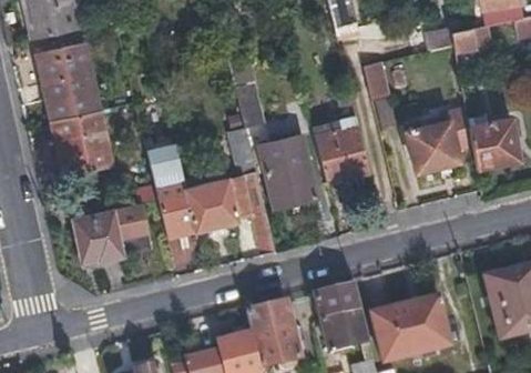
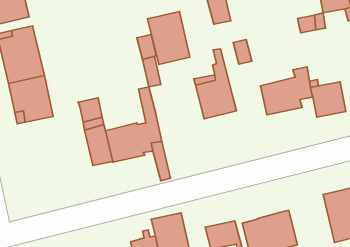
building: [257,135,316,209] -> [147,11,190,64]
building: [72,203,152,261] -> none
building: [316,283,362,320] -> none

